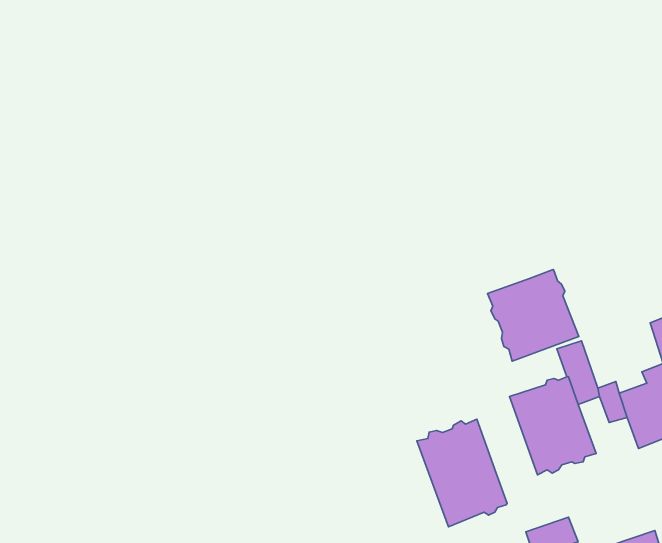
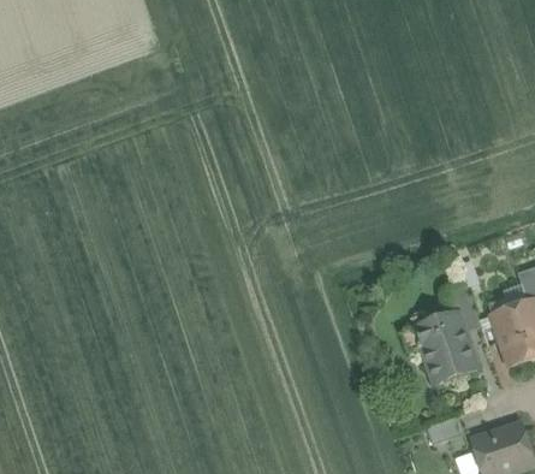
building: [488,270,579,361] -> none
building: [417,419,507,527] -> none

